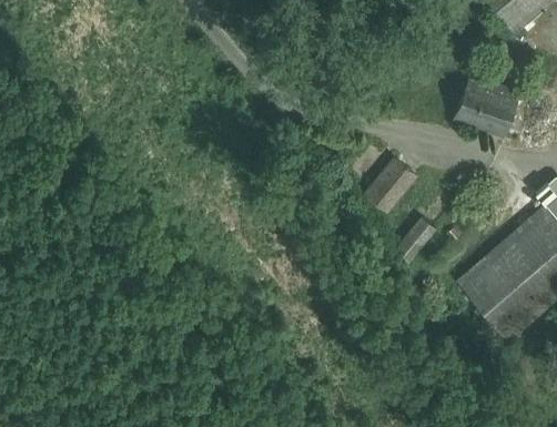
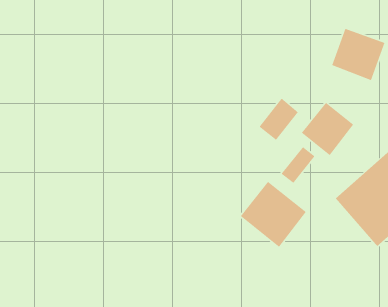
building: none -> [301,102,354,156]
building: none -> [240,181,307,248]

